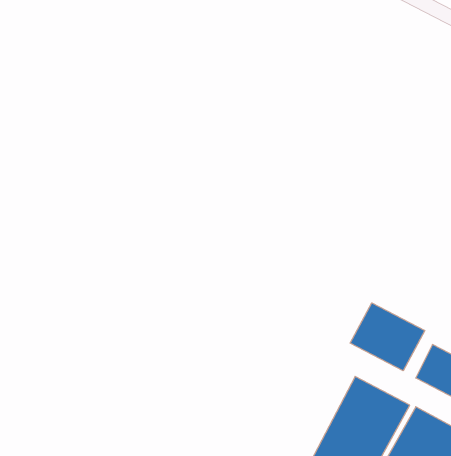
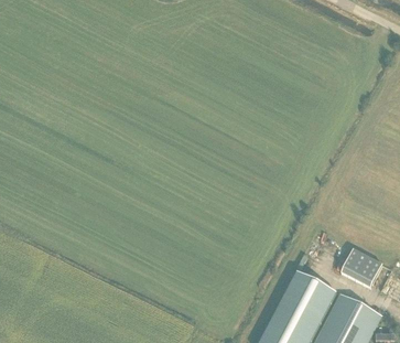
building: [350,303,425,371] -> none

